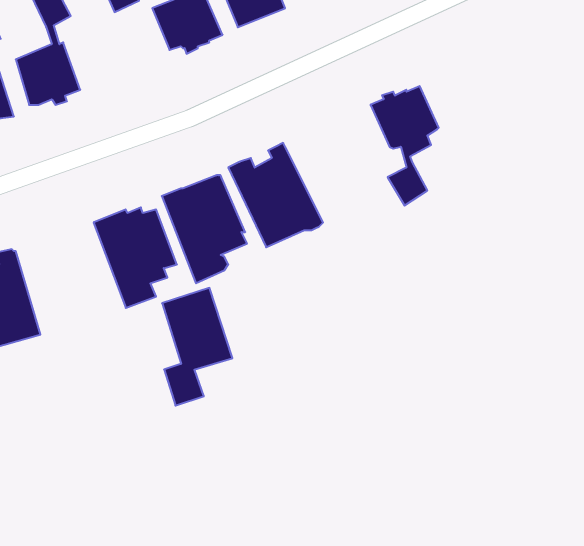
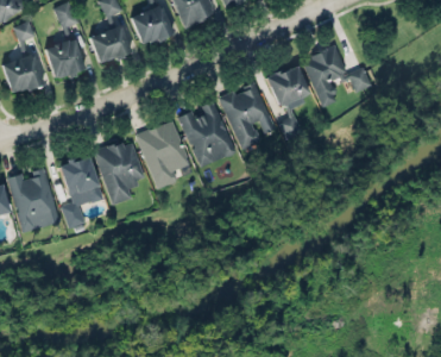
building: none -> [89,27,130,63]
building: none -> [302,44,371,107]
building: none -> [219,82,275,151]
building: [162,288,232,406] -> [58,156,102,230]

